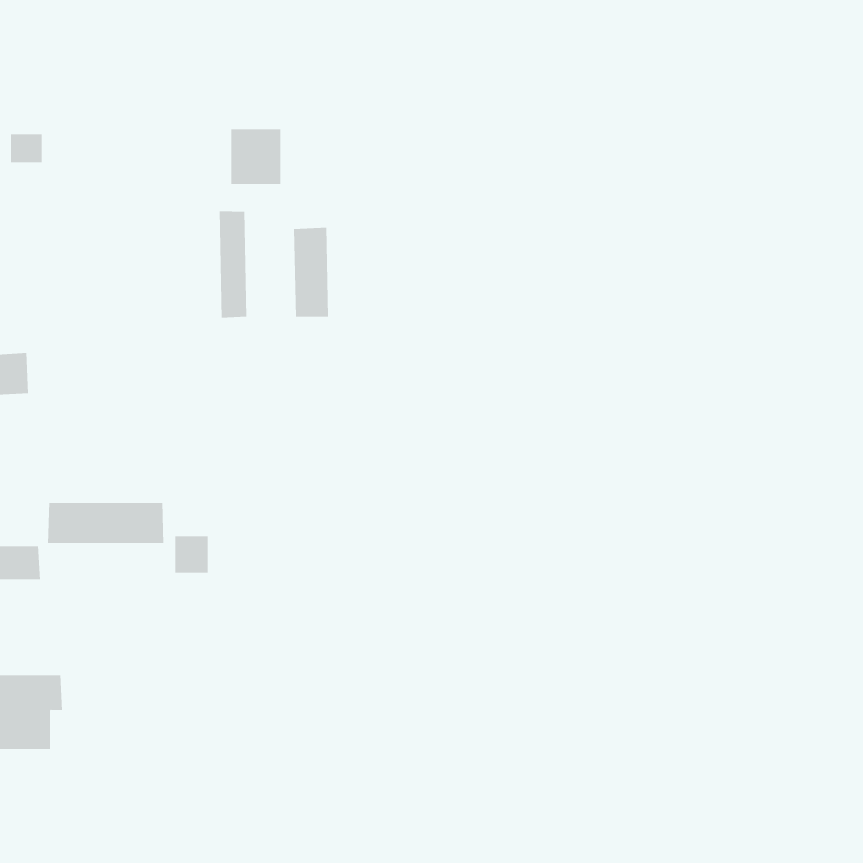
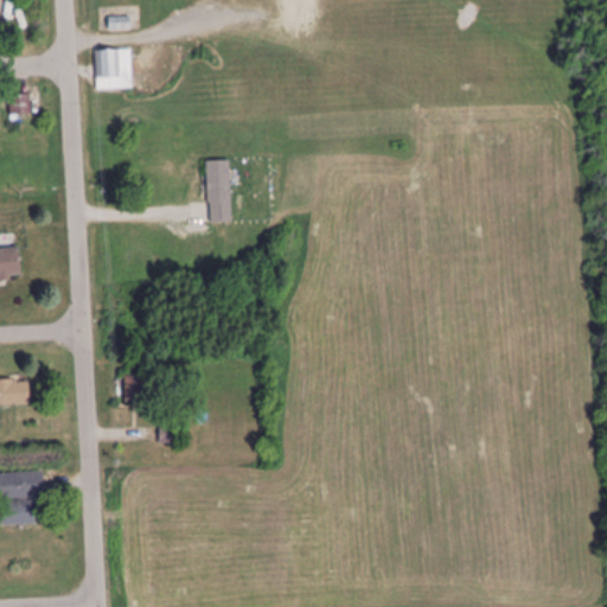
building: [230,129,281,185] -> [95,50,130,89]
building: [219,210,247,319] -> none
building: [47,502,164,544] -> none

